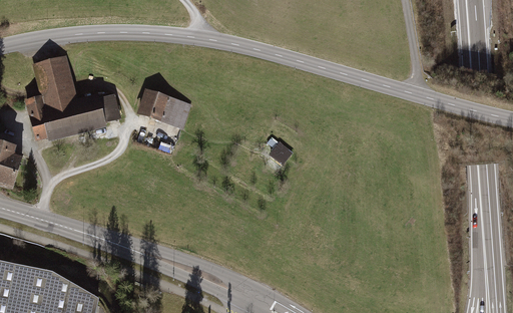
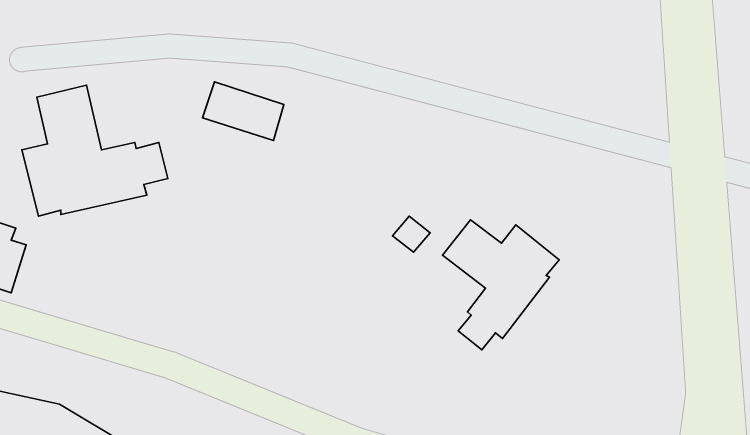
building: [138,92,192,131] -> [203,82,284,140]
building: none -> [443,220,559,350]

